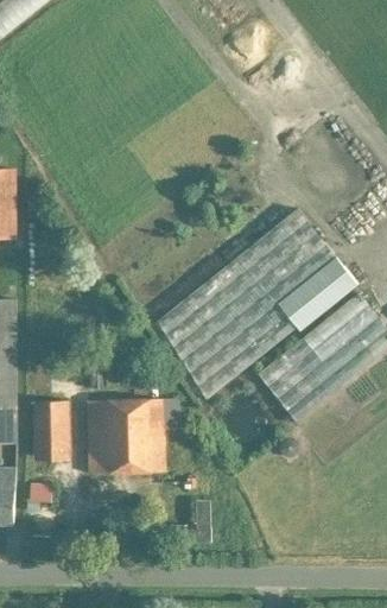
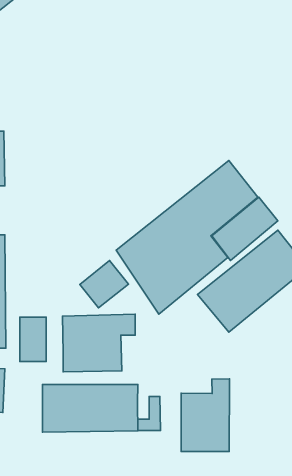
building: none -> [80,261,128,308]
building: none -> [181,379,230,452]
building: none -> [42,385,138,432]

